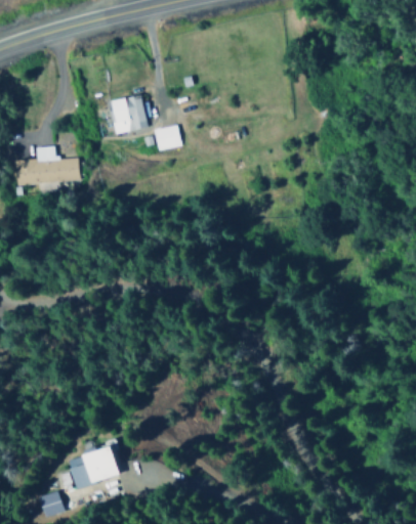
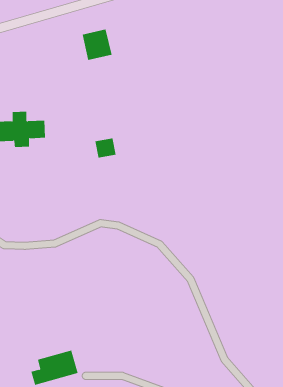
building: [110,94,149,134] -> [82,29,113,60]
building: [154,125,181,150] -> [95,138,117,158]

